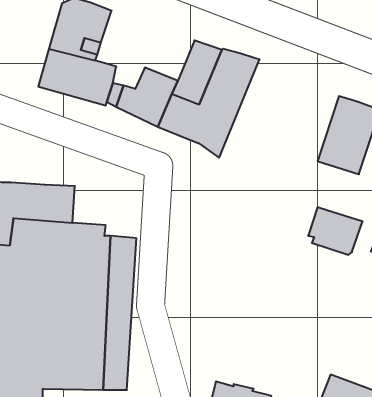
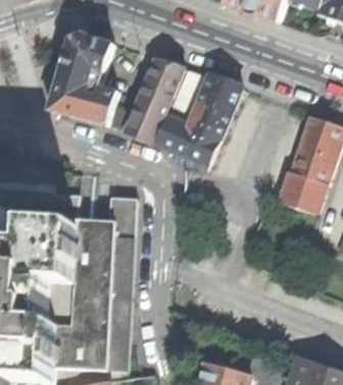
building: none -> [142,58,186,105]
building: none -> [107,197,138,240]
building: [308,207,363,255] -> [280,173,327,214]

